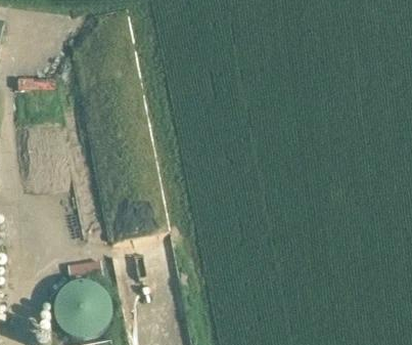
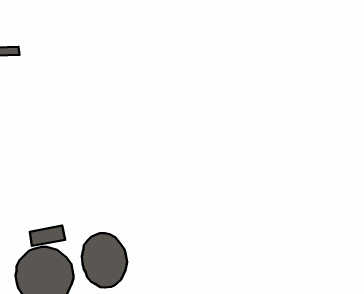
building: none -> [82,233,127,287]

